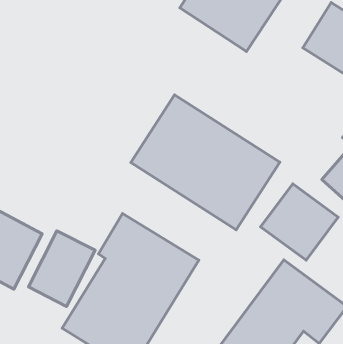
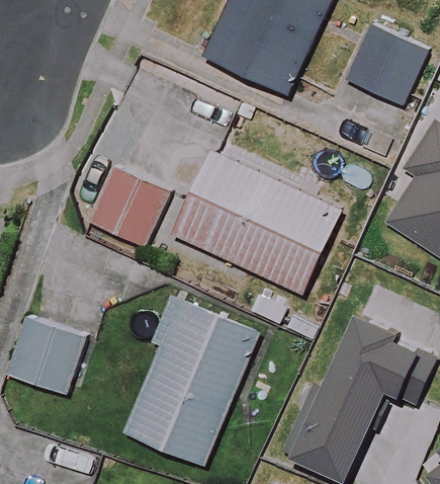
building: none -> [87,165,171,247]
building: [260,184,338,260] -> none
building: [28,231,95,306] -> none

